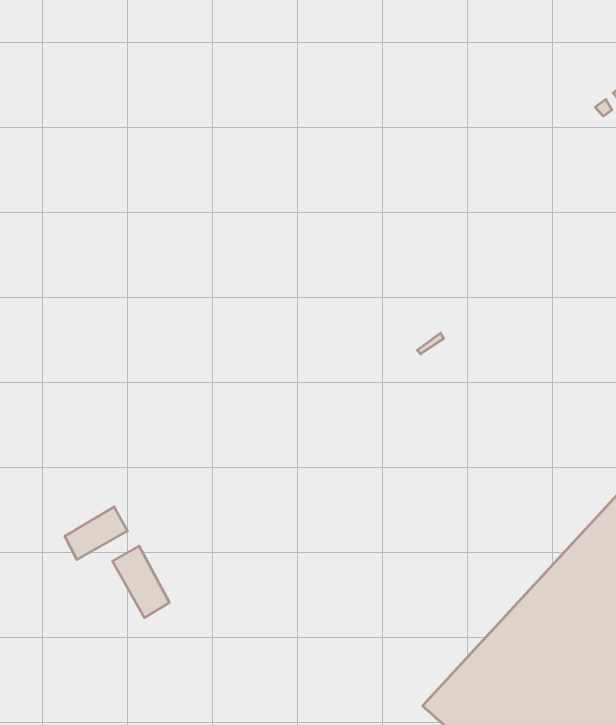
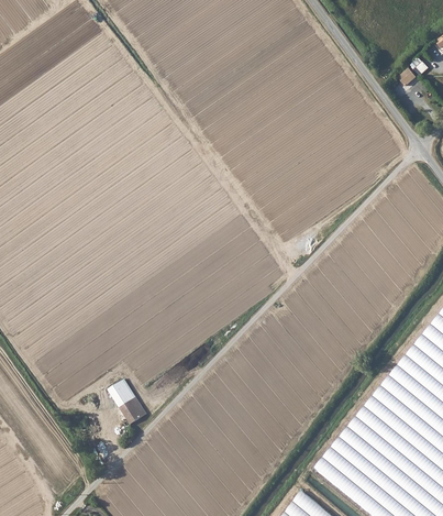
building: [65,507,128,560] -> none

